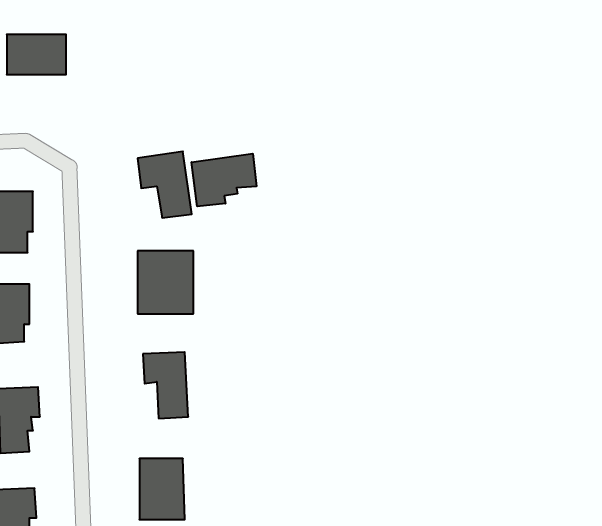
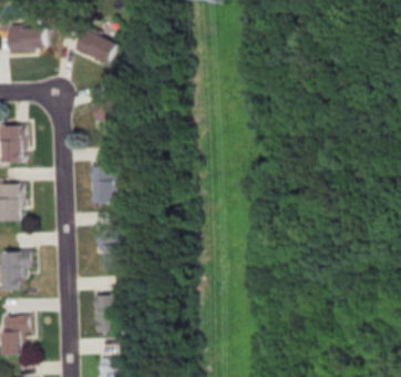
building: none -> [75,28,120,65]
building: [192,154,256,206] -> none

